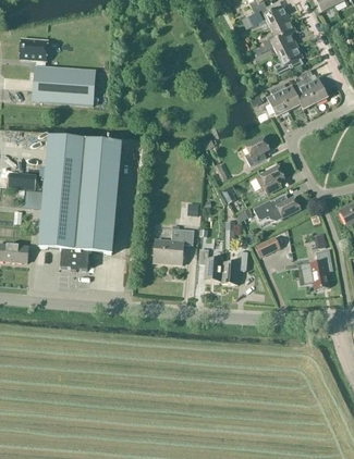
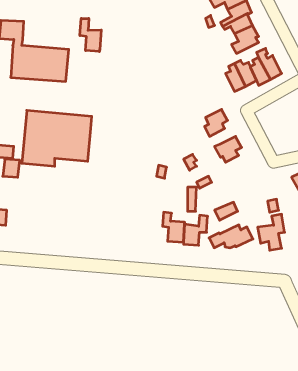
building: none -> [80,18,101,52]
building: [40,188,117,269] -> none
building: [253,193,301,218] -> [209,225,253,248]
building: [154,227,194,263] -> none

